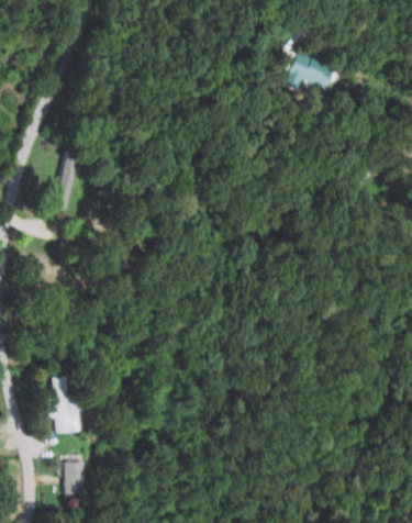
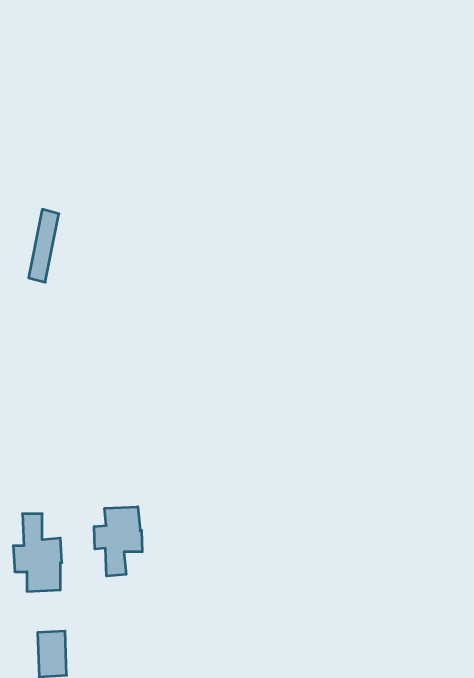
building: [277,47,336,91] -> none
building: none -> [94,507,142,576]

